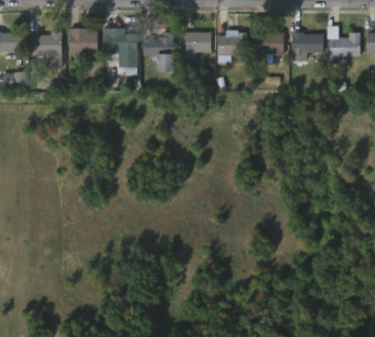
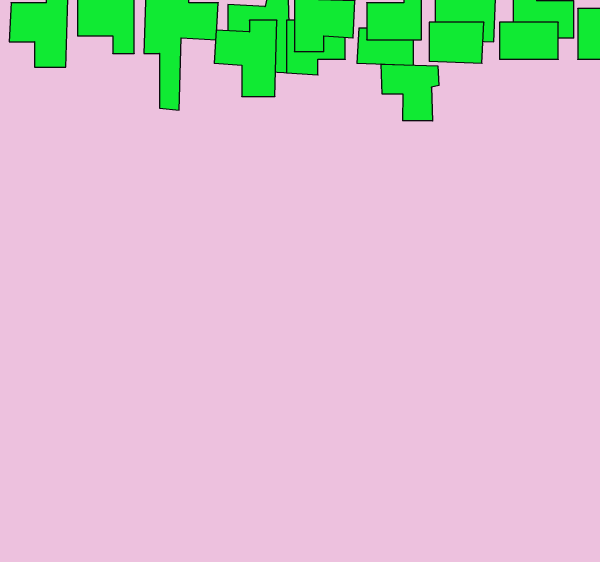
building: none -> [381,64,439,121]

